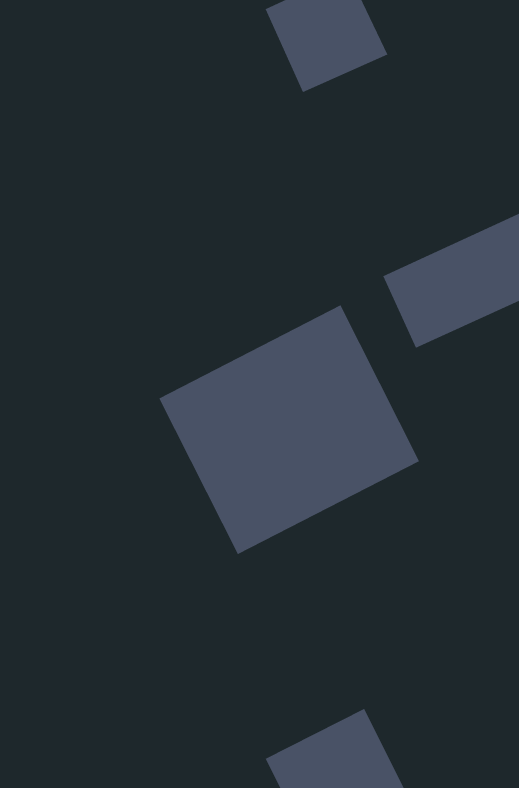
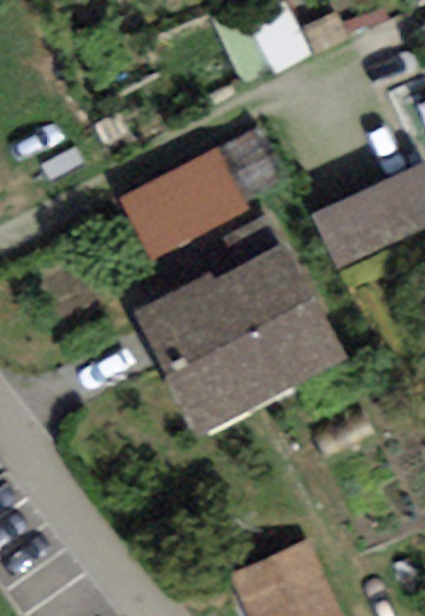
building: none -> [124,153,259,282]

